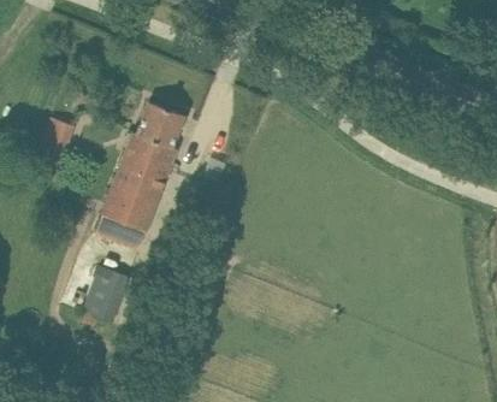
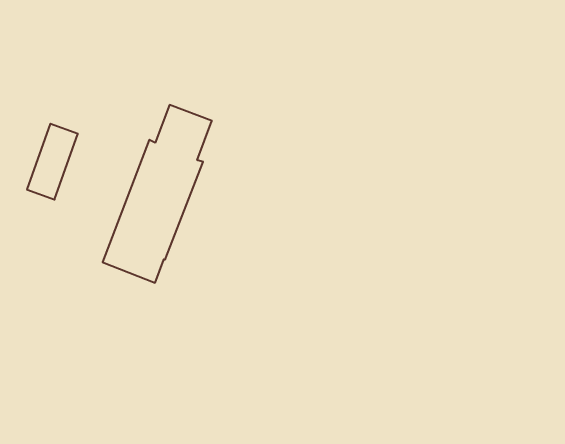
building: [83,265,131,321] -> none

